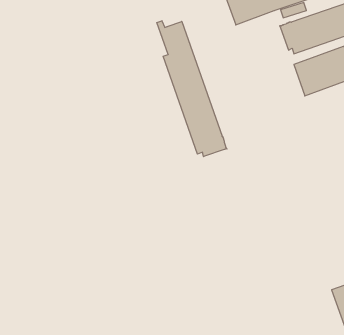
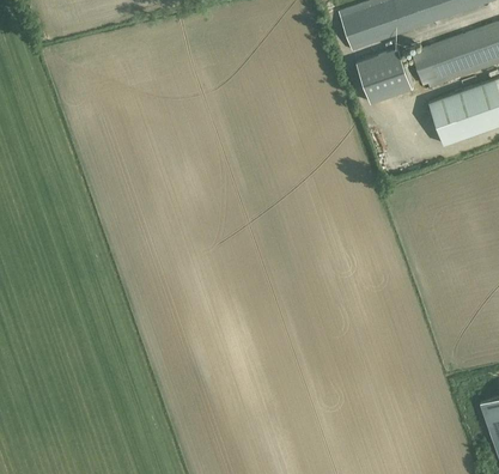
building: [157,21,227,157] -> none
building: none -> [357,48,412,103]

